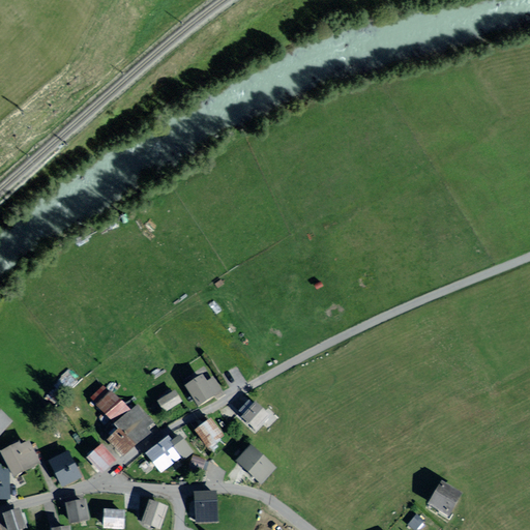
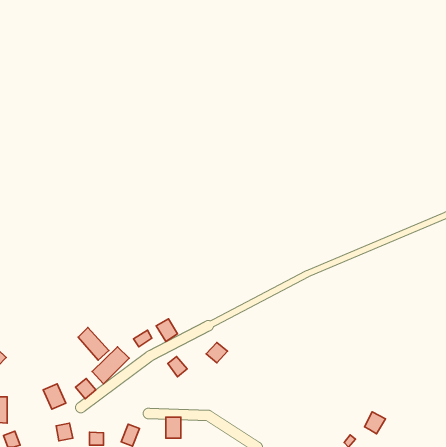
building: [149,435,186,470] -> none
building: [4,442,37,475] -> none
building: [235,447,270,481] -> none

